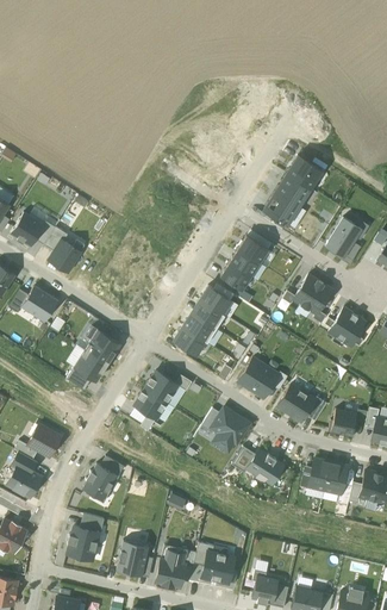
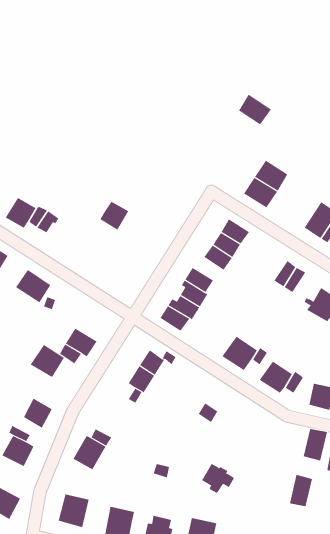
building: [286,155,322,188] -> [238,94,272,125]
building: [50,239,81,270] -> [100,201,129,230]
building: [85,329,121,365] -> [30,344,65,378]
building: [214,406,248,438] -> none
building: [248,450,283,483] -> [201,463,235,494]
building: [307,452,332,486] -> [289,474,313,507]

